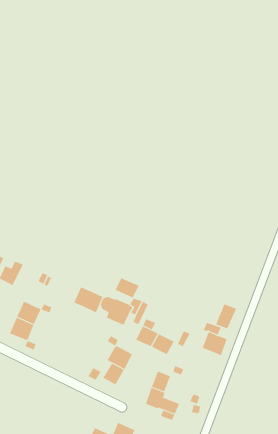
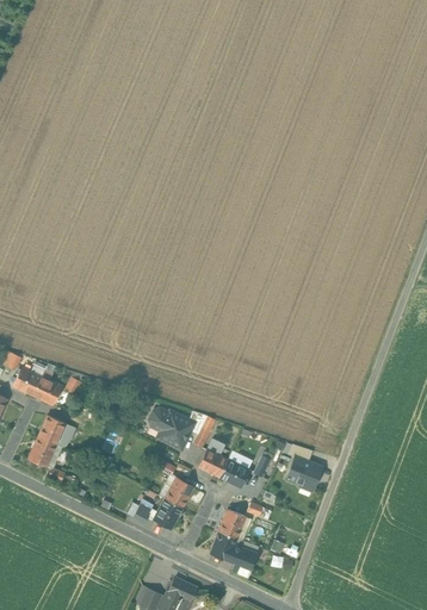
building: none -> [32,365,61,405]
building: [115,277,139,298] -> none
building: [73,287,103,313] -> none
building: [216,303,237,329] -> none

